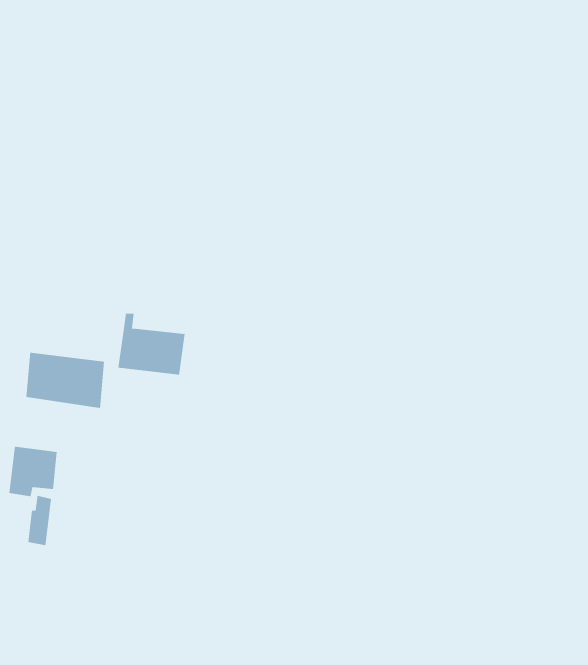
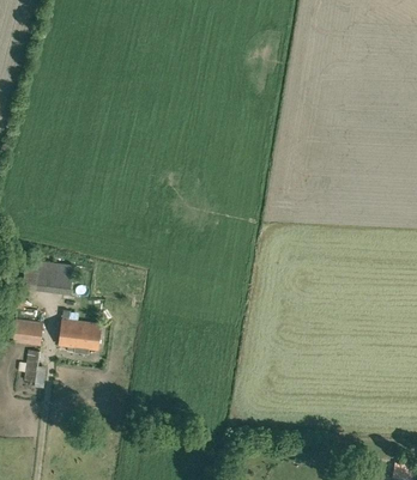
building: [118,313,185,375] -> [59,311,102,351]

